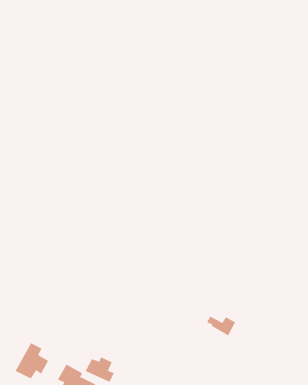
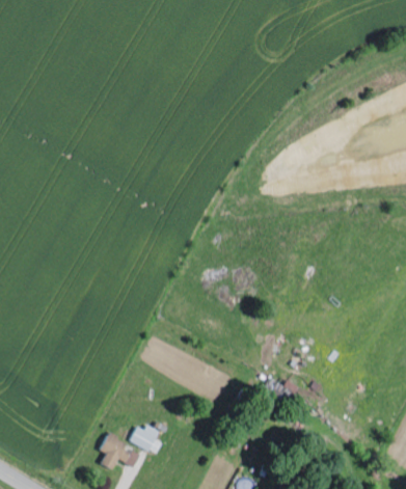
building: [15,343,49,379] -> none

